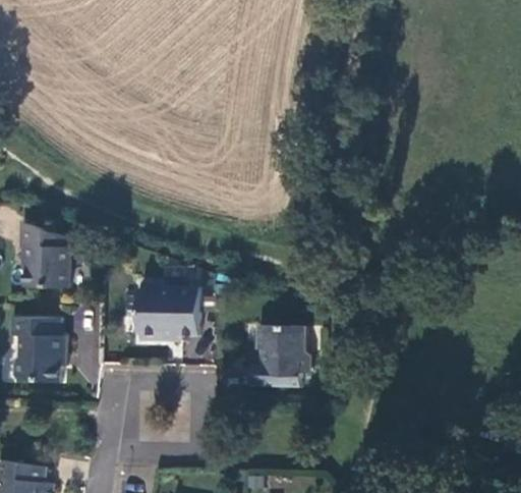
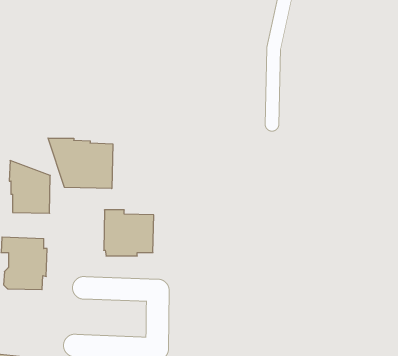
building: none -> [48,138,113,189]
building: [250,325,310,387] -> none

